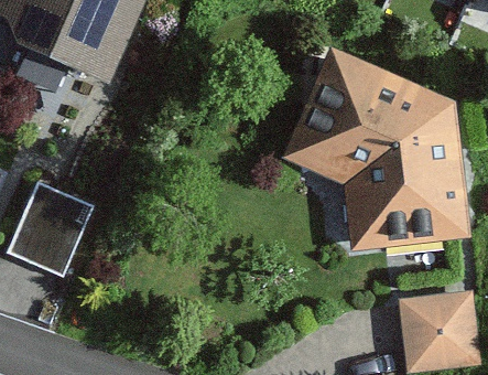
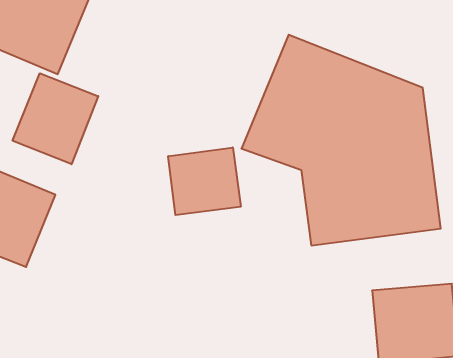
building: none -> [13,73,98,164]
building: none -> [168,147,241,215]

